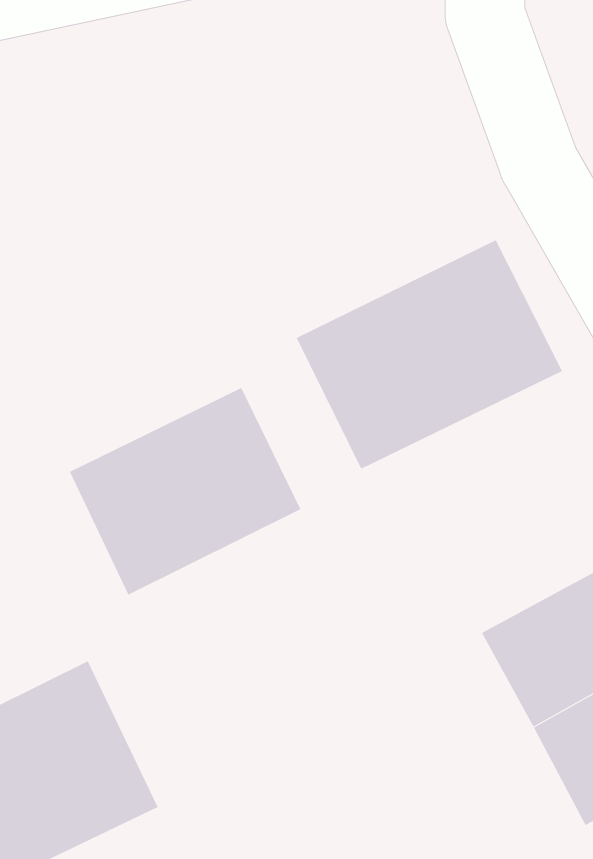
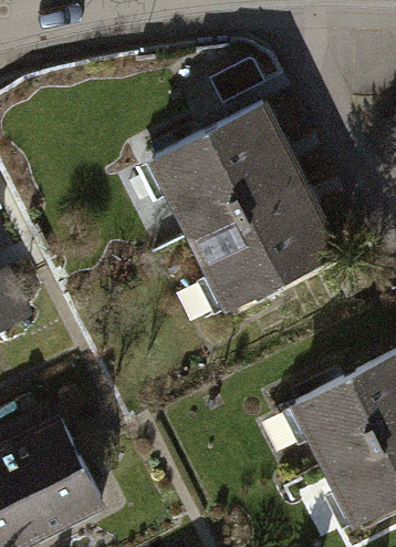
building: none -> [147,99,302,230]
building: [69,387,301,595] -> none

